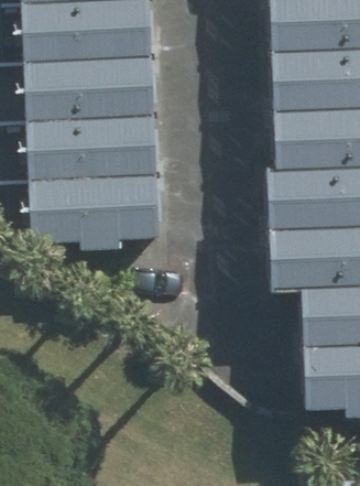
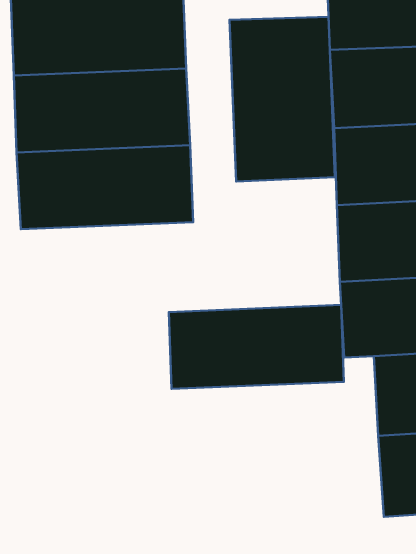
building: none -> [230,17,335,181]
building: [29,182,164,247] -> [169,305,344,389]

